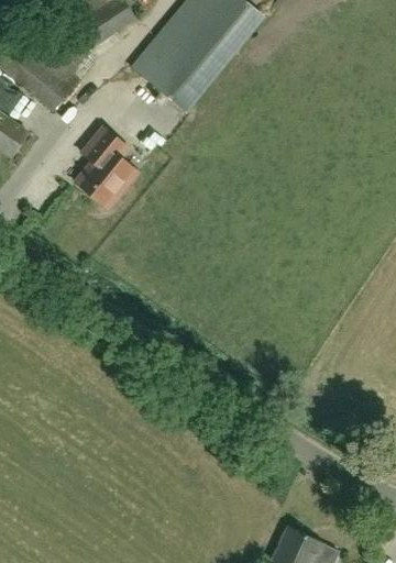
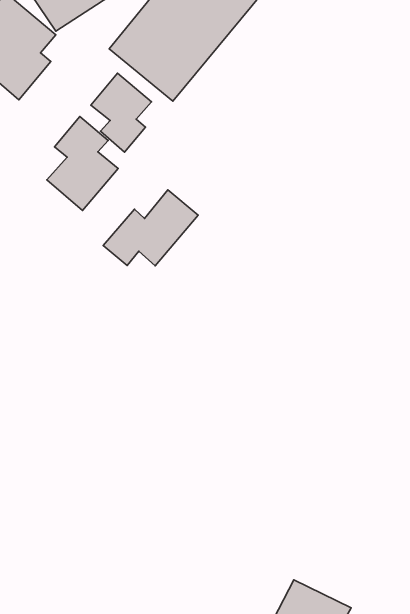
building: none -> [91,73,151,152]
building: none -> [103,190,198,266]

